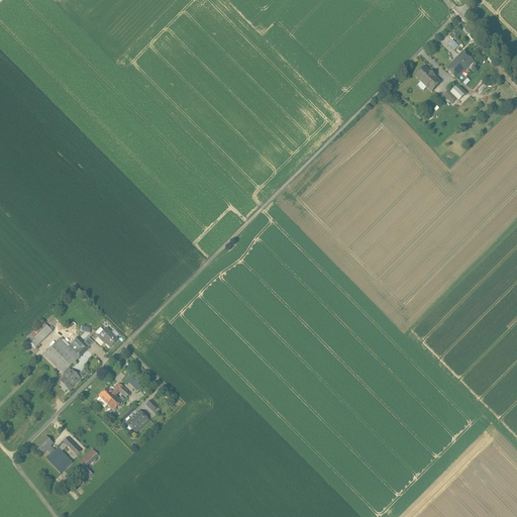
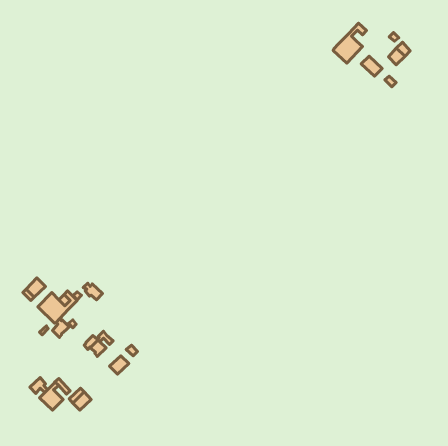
building: none -> [333,23,366,63]

